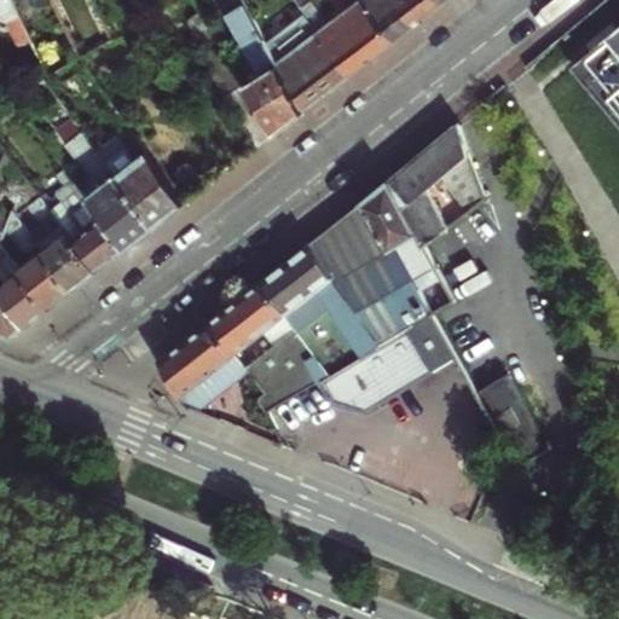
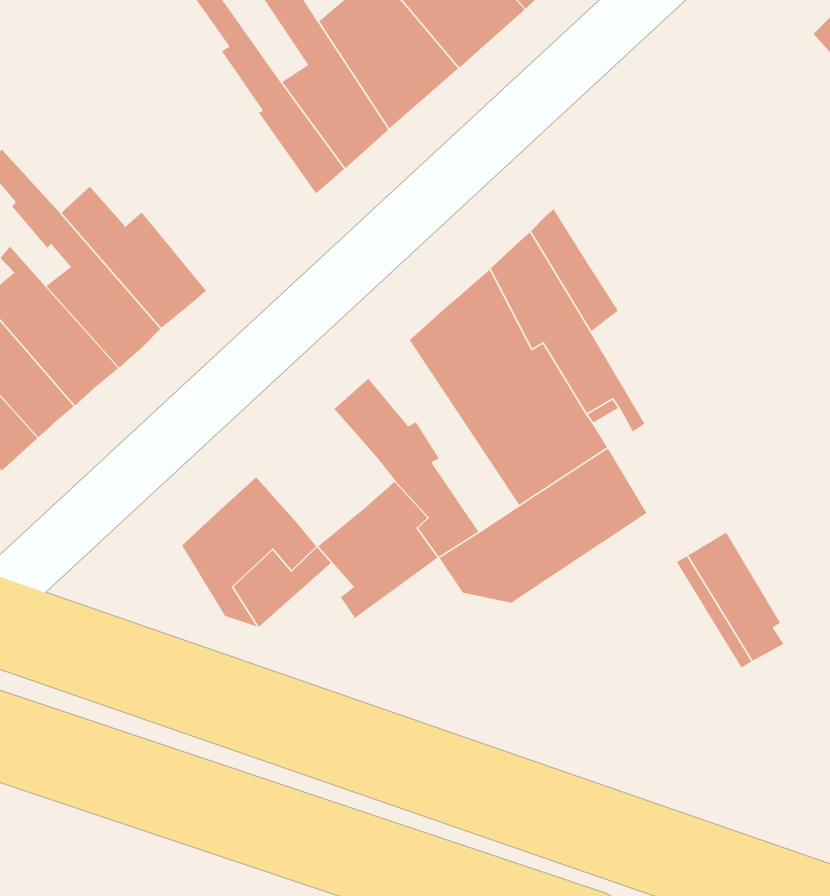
building: [405,121,484,213] -> none
building: [283,241,371,363] -> none
building: [209,280,295,352] -> none

